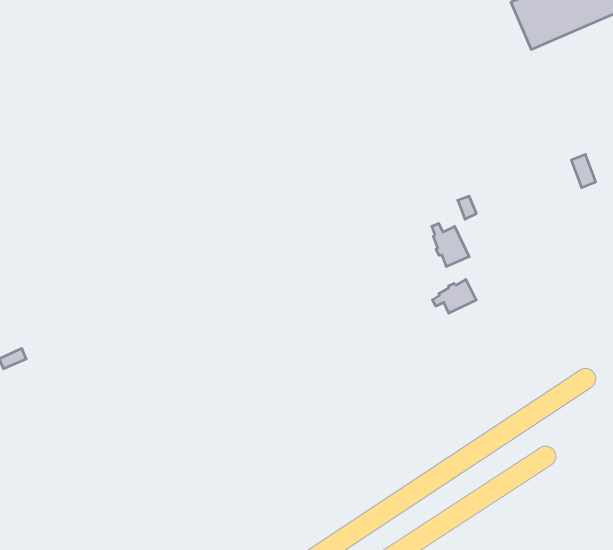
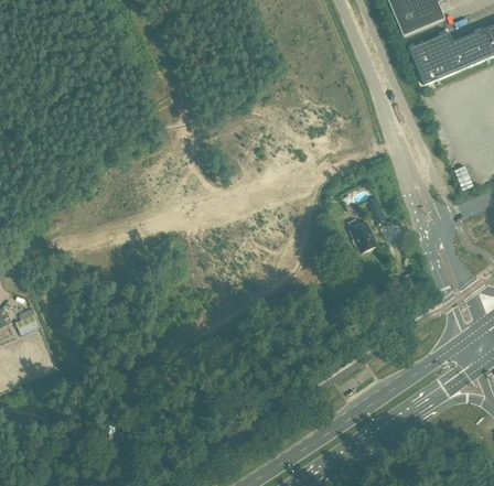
building: [432,279,476,313] -> none

